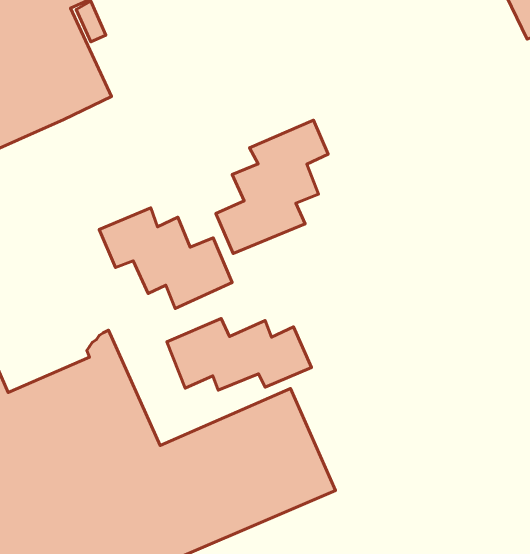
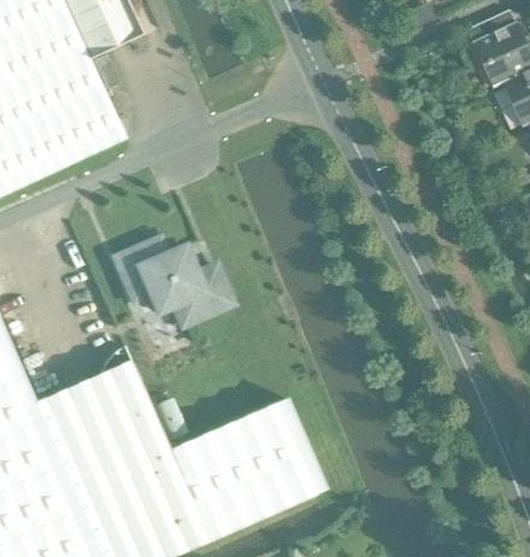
building: [216,120,328,253] -> none
building: [167,318,311,390] -> none

